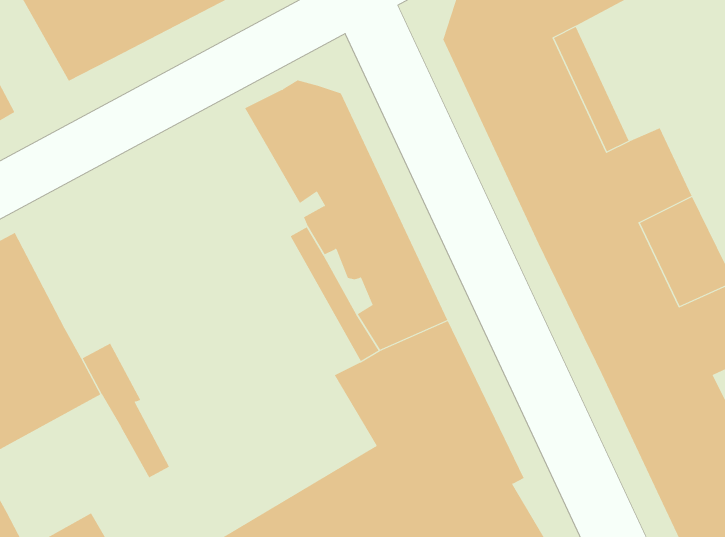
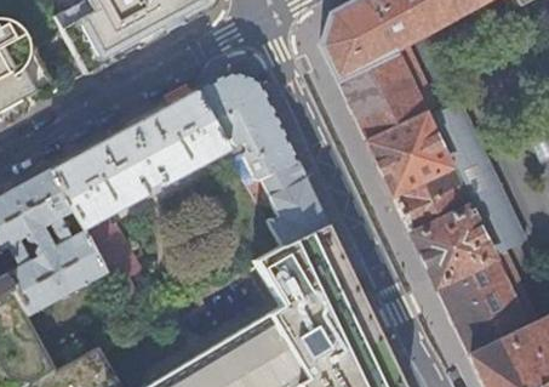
building: none -> [52,87,233,227]

